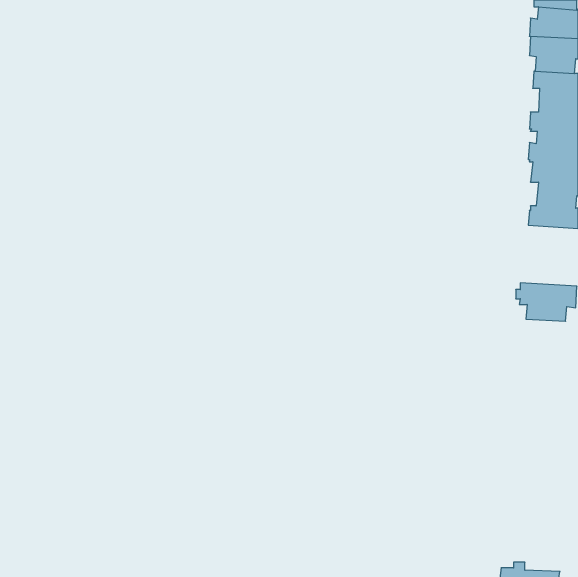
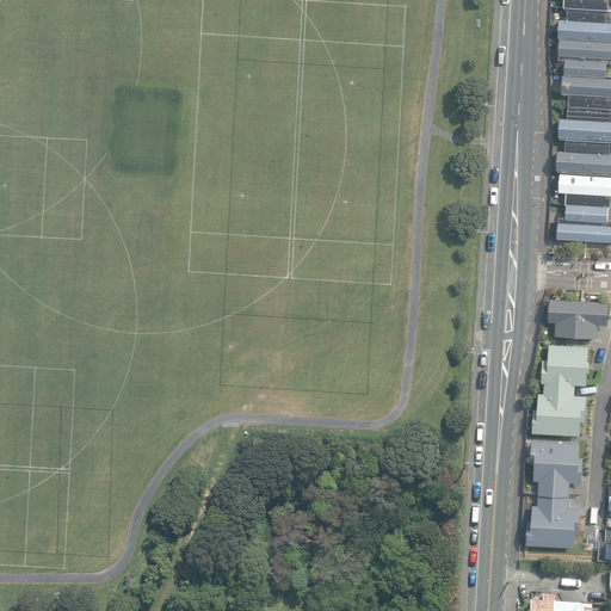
building: none -> [531,344,590,436]
building: none -> [527,442,585,548]

